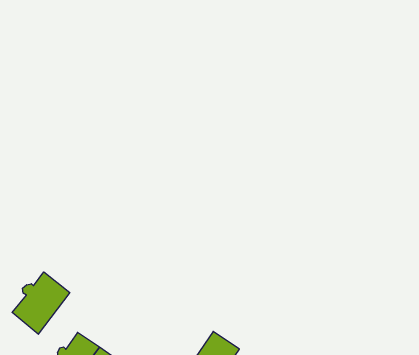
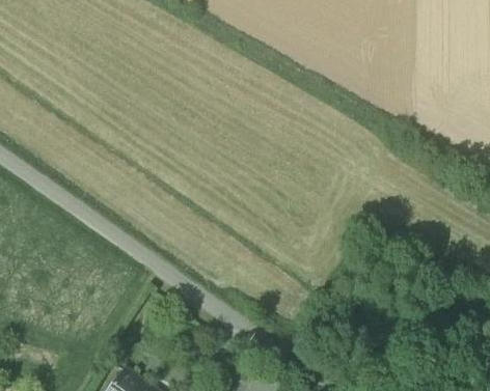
building: [12,272,70,334] -> none

